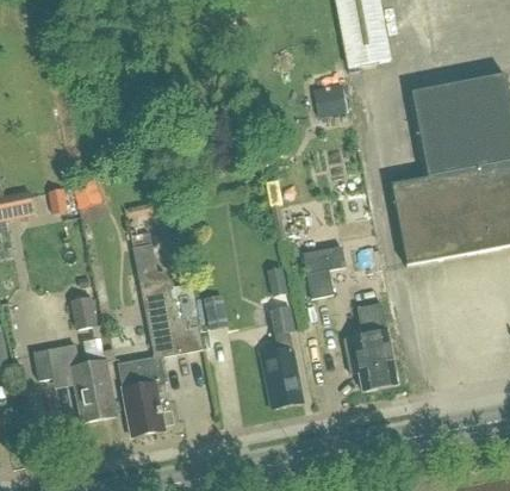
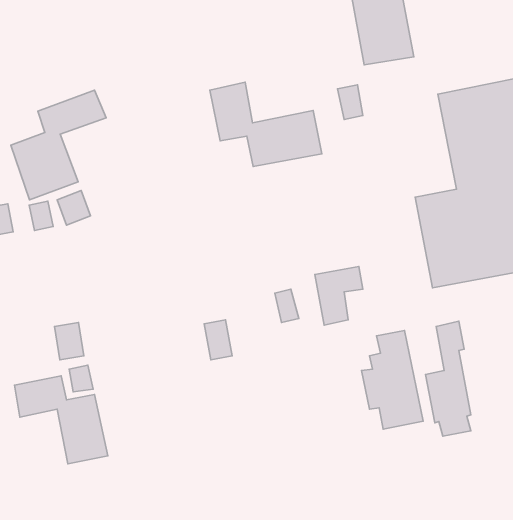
building: none -> [210,82,322,166]
building: none -> [11,90,106,200]
building: [120,231,205,434] -> none
building: [261,305,301,408] -> [425,321,471,436]

